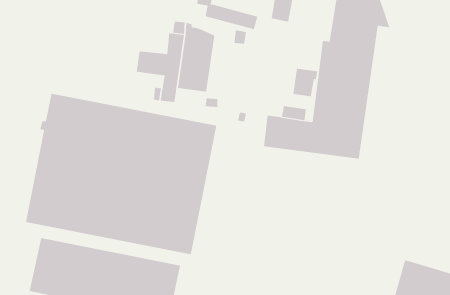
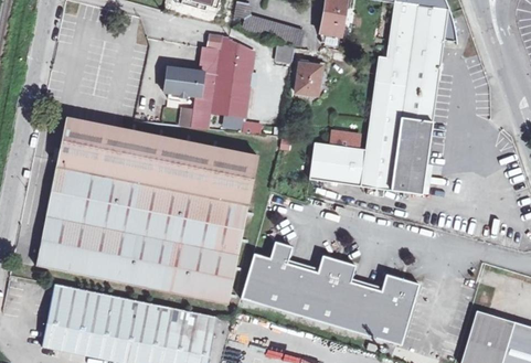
building: [292,68,318,97] -> [295,62,325,95]
building: none -> [241,239,418,344]

